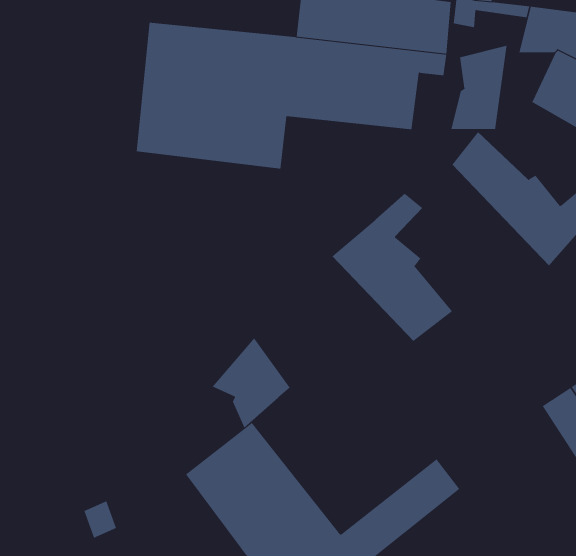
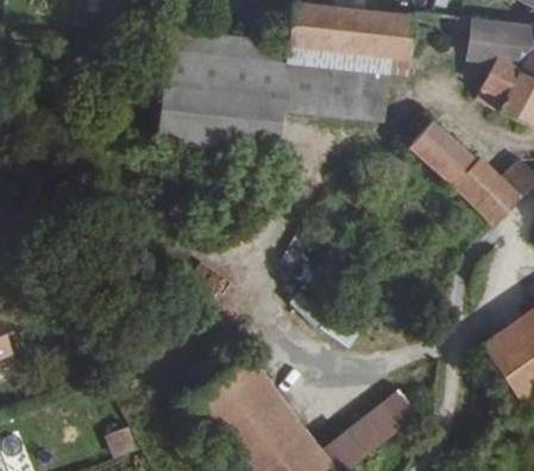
building: [451,45,507,130] -> none
building: [331,193,453,342] -> none
building: [212,338,291,428] -> none

